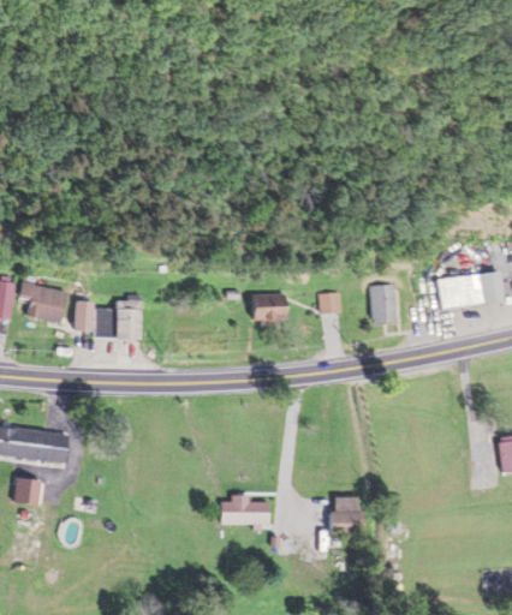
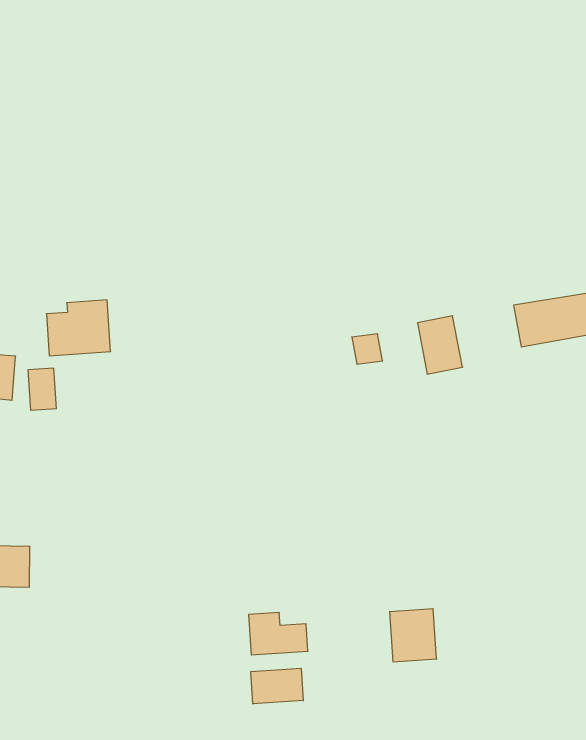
building: [250,293,291,323] -> none
building: [97,300,143,339] -> [46,300,111,356]
building: none -> [251,668,303,704]

